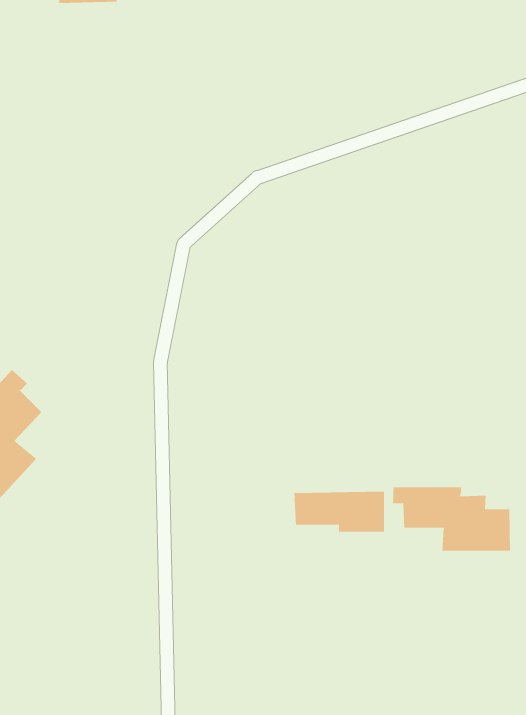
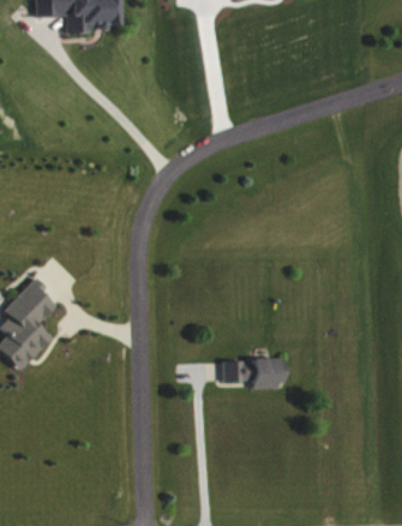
building: [393,486,510,551] -> none

